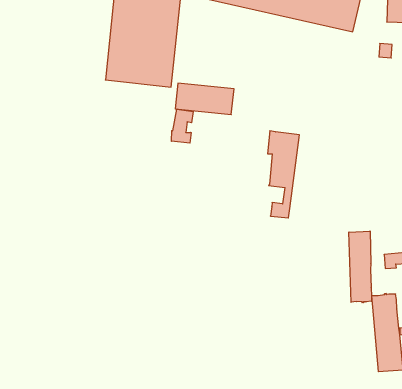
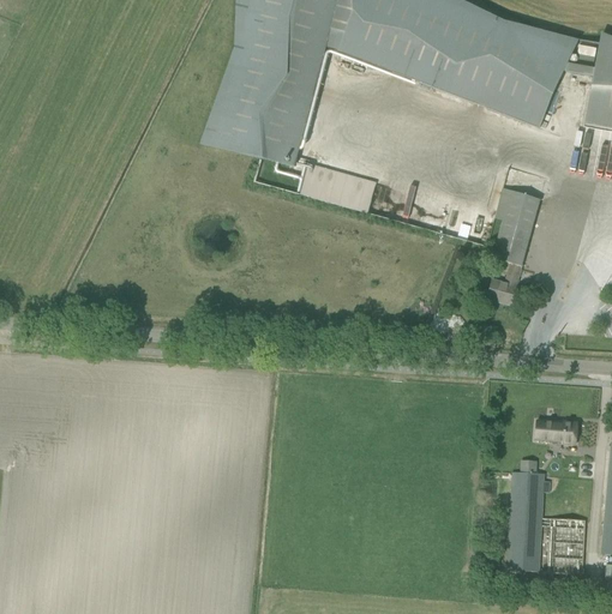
building: [171,109,193,143] -> none
building: [268,131,299,218] -> [487,187,540,302]
building: [349,231,372,303] -> none

